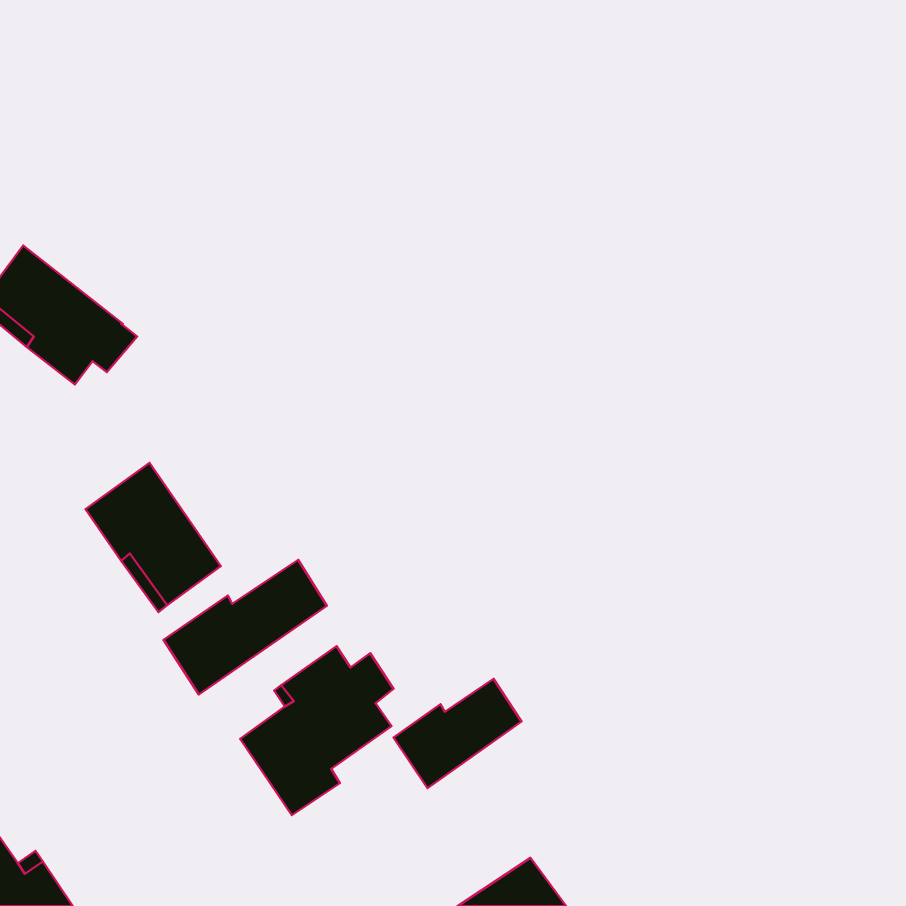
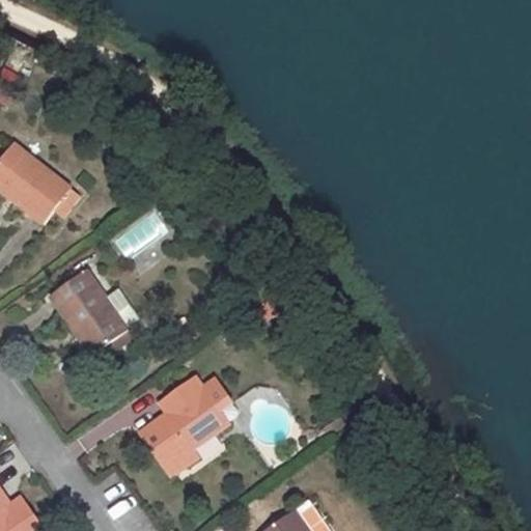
building: [164,560,327,694] -> none
building: [393,679,521,788] -> none

